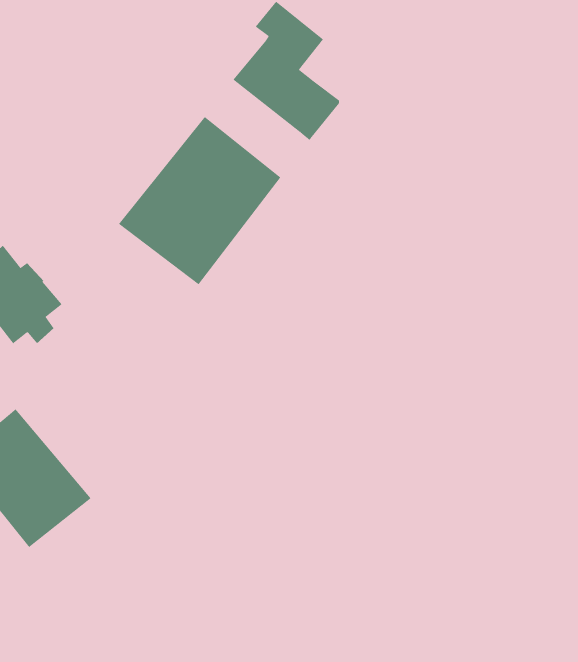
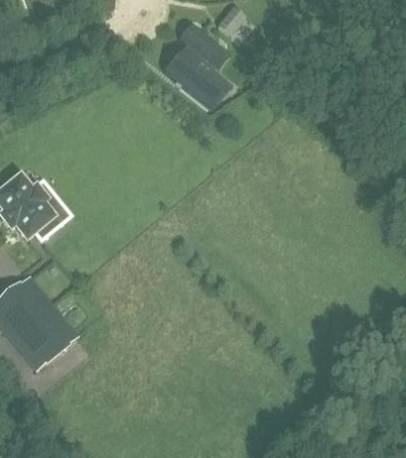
building: [118,116,281,285] -> none

